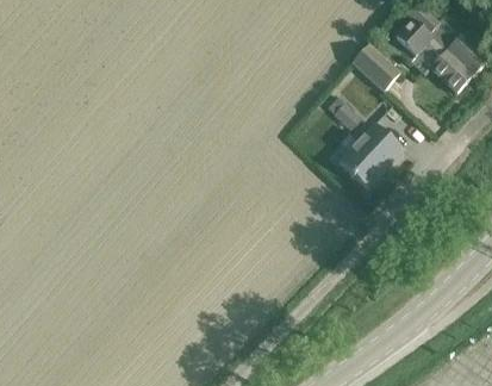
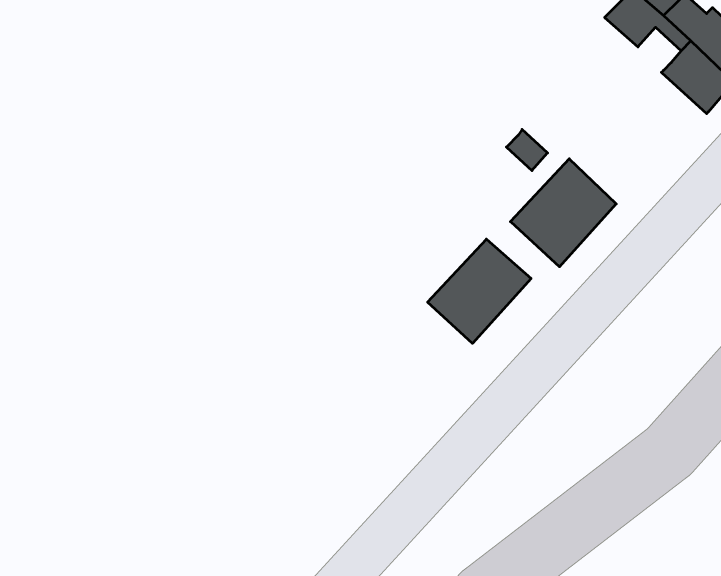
building: [350,44,398,91] -> none
building: none -> [428,239,531,343]

